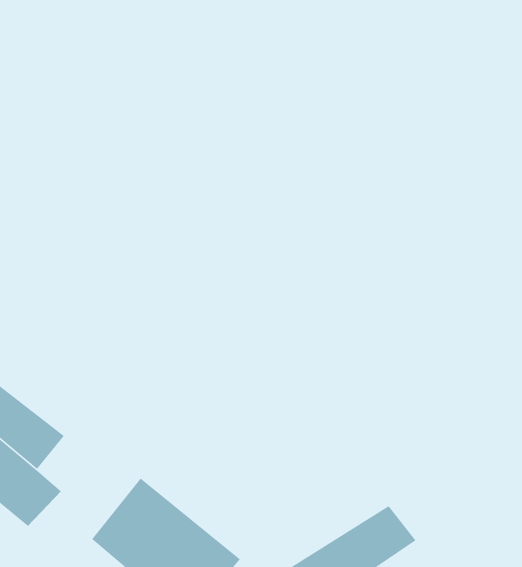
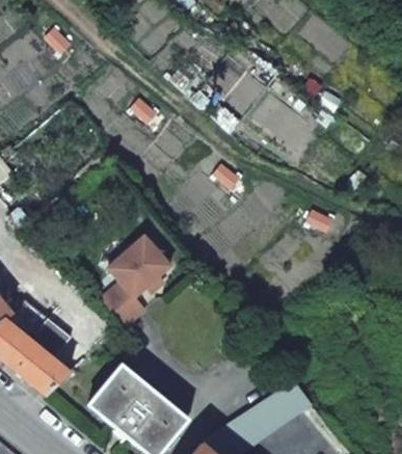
building: none -> [101,238,171,331]

